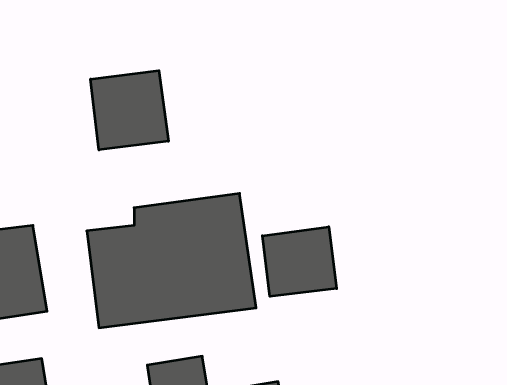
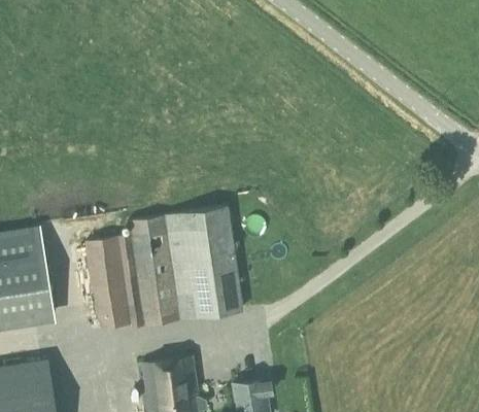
building: [91,71,168,150] -> none
building: [262,227,337,296] -> none

